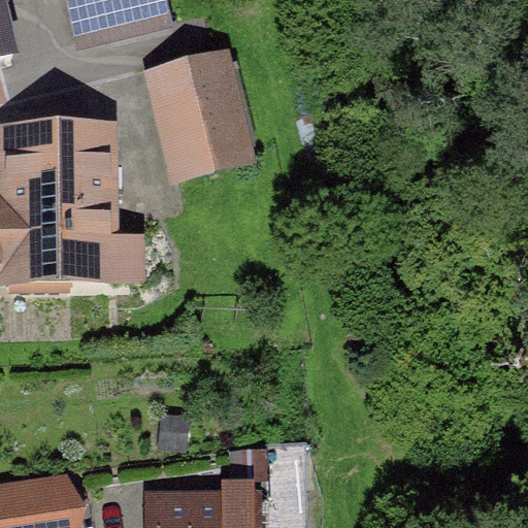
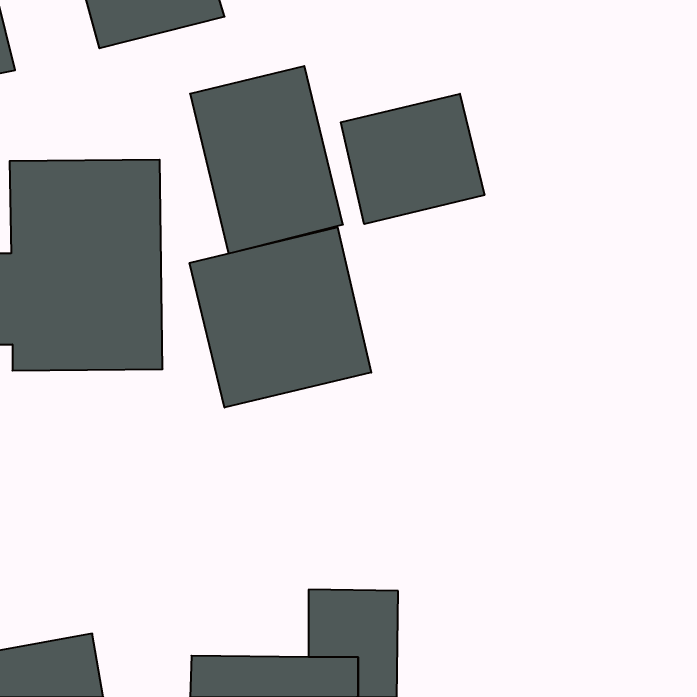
building: none -> [341,94,484,224]
building: none -> [190,227,371,408]

